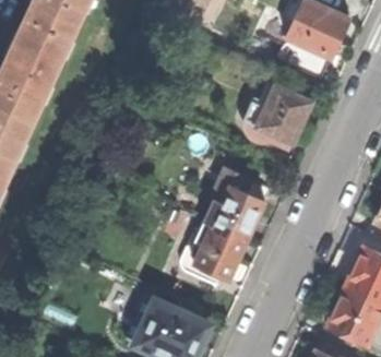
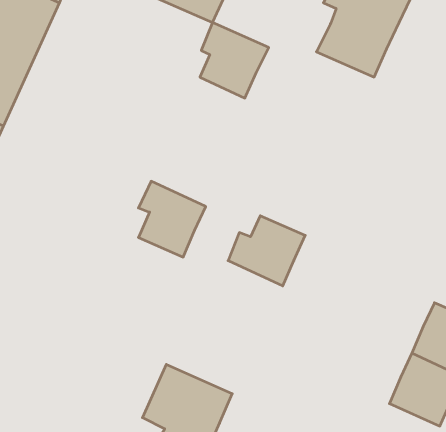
building: [254,78,308,136] -> [200,22,269,98]
building: [194,216,247,275] -> [138,181,206,257]

